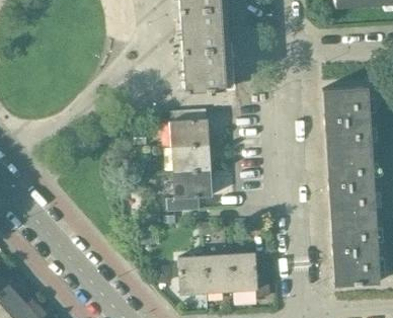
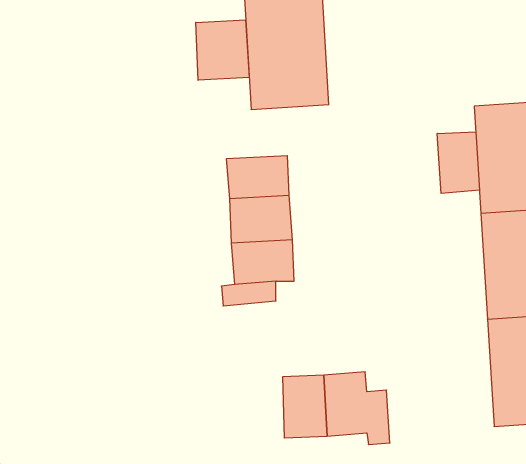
building: none -> [196,20,249,80]
building: none -> [437,132,479,193]
building: [179,255,207,295] -> none

